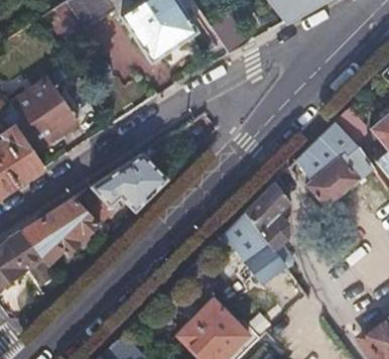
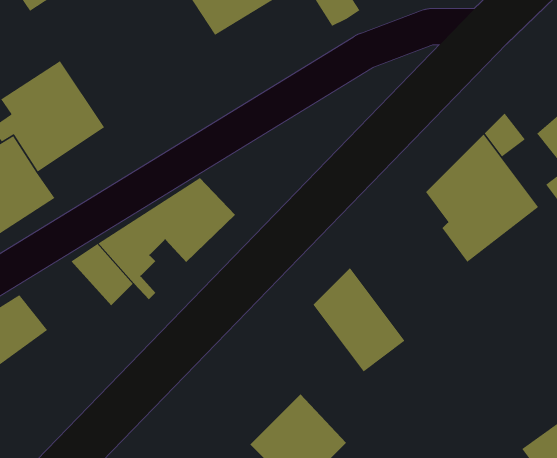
building: [244,184,295,276] -> none
building: [22,210,84,265] -> none

